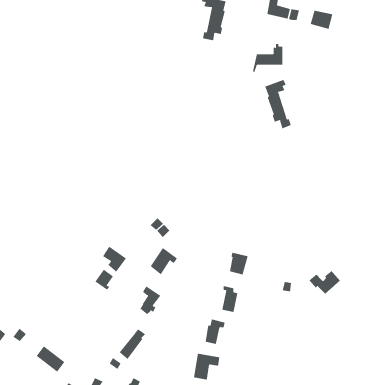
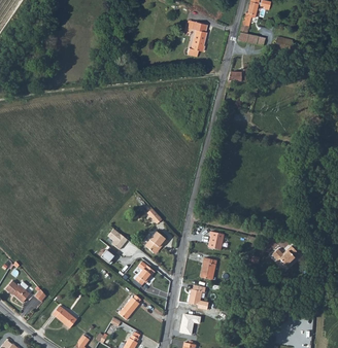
building: [265,79,291,129] -> none

